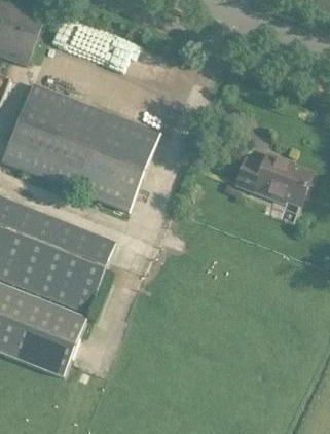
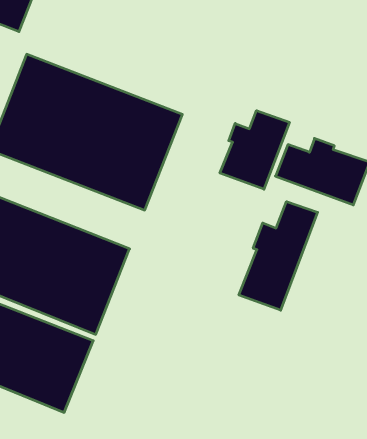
building: none -> [220,111,289,189]
building: none -> [239,202,318,310]

